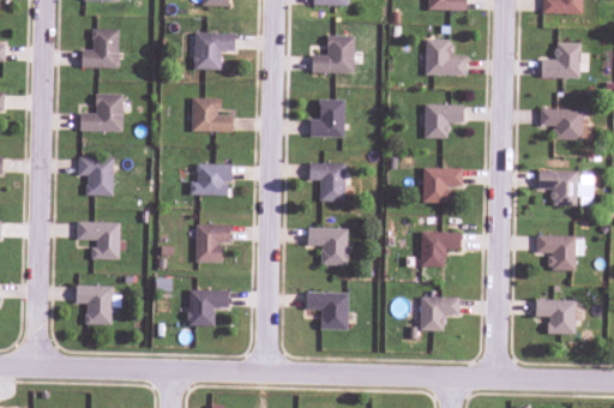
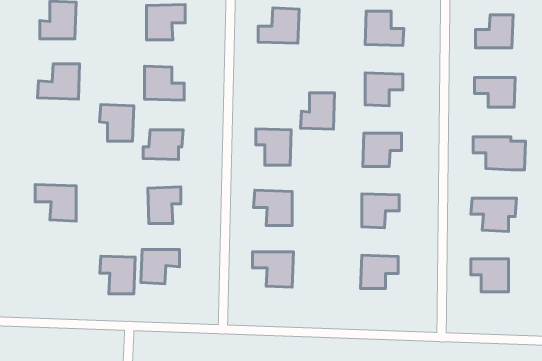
building: [309,98,345,137] -> [300,93,335,129]
building: [78,156,114,194] -> [100,105,134,141]
building: [76,284,113,324] -> [100,256,135,294]

